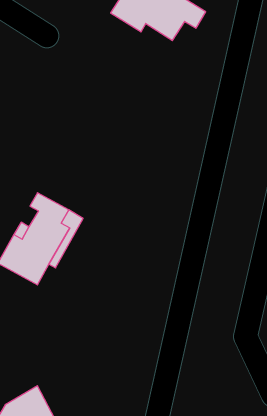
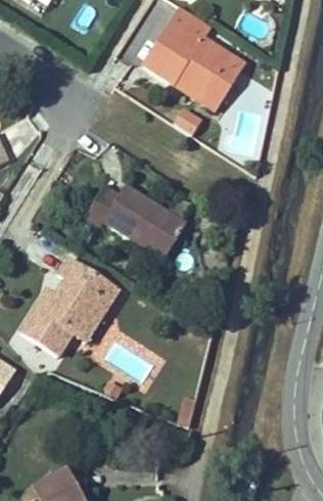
building: none -> [175,74,234,110]
building: none -> [86,183,188,260]

